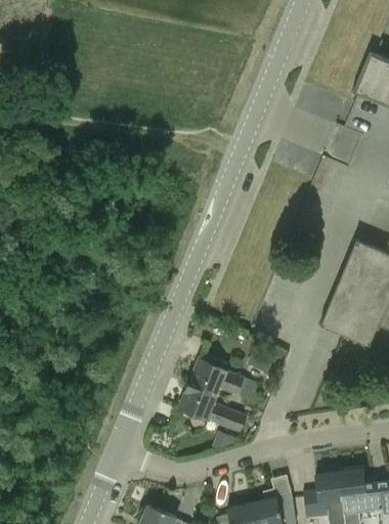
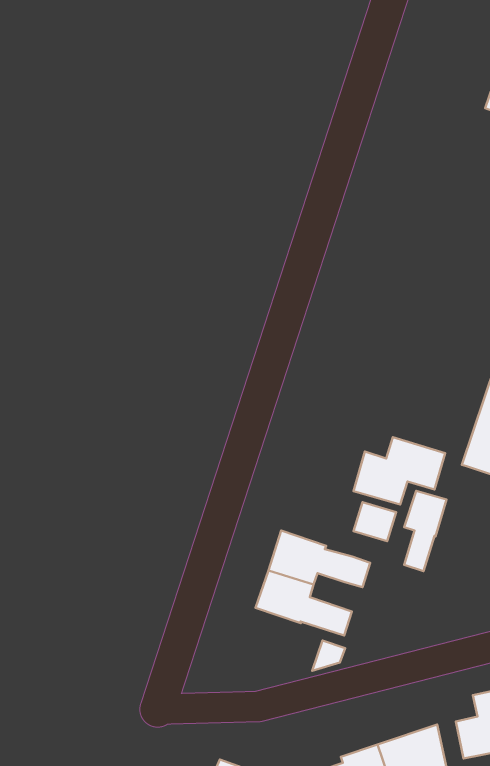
building: none -> [354,437,445,504]
building: none -> [404,491,447,571]

